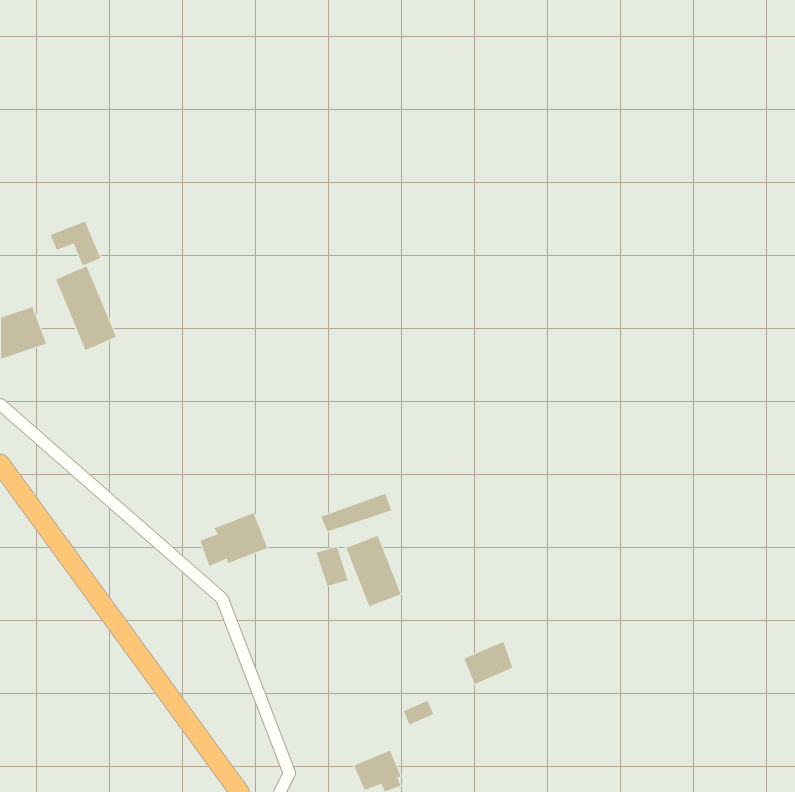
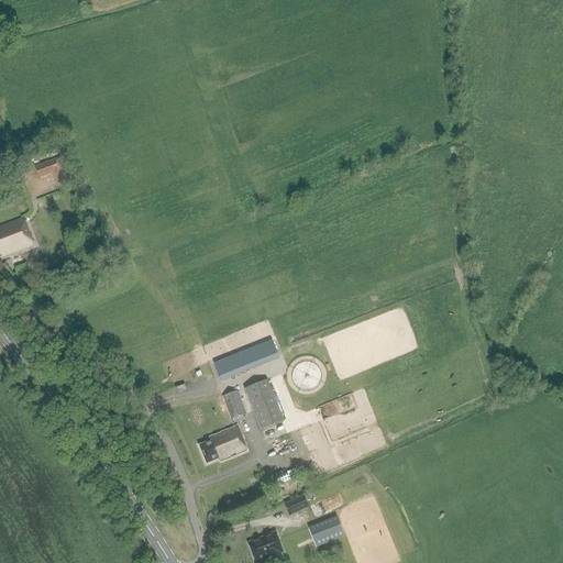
building: [55,266,117,351] -> none
building: [200,513,268,567] -> [199,423,247,462]
building: [463,641,513,685] -> [308,515,343,545]

